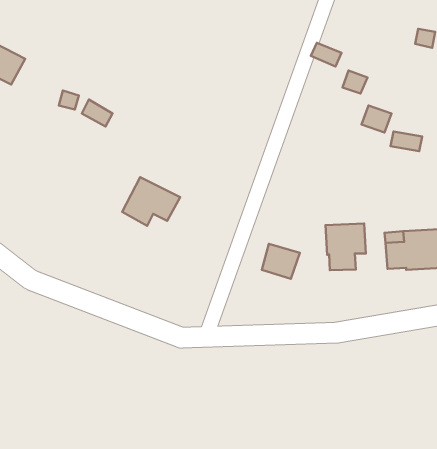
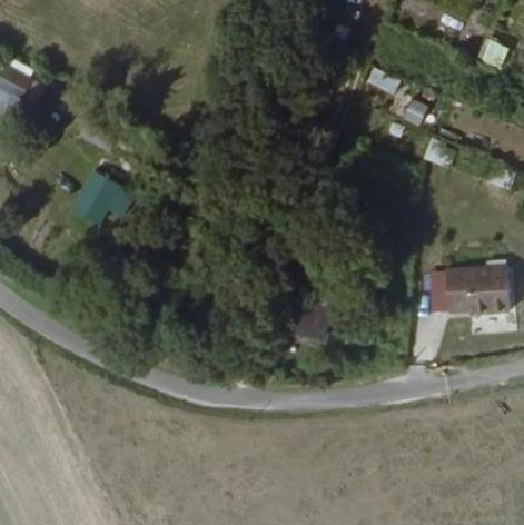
building: [122,177,180,226] -> [68,168,132,222]
building: [325,224,366,270] -> none

